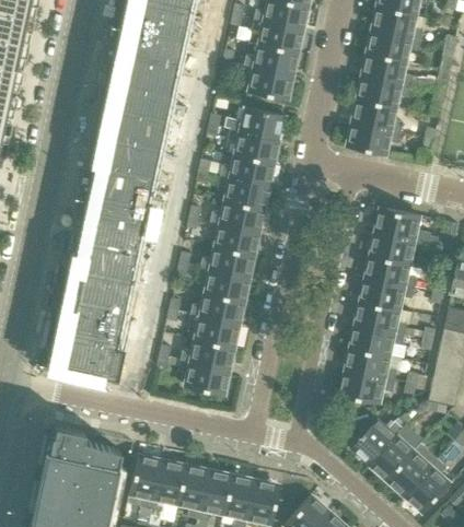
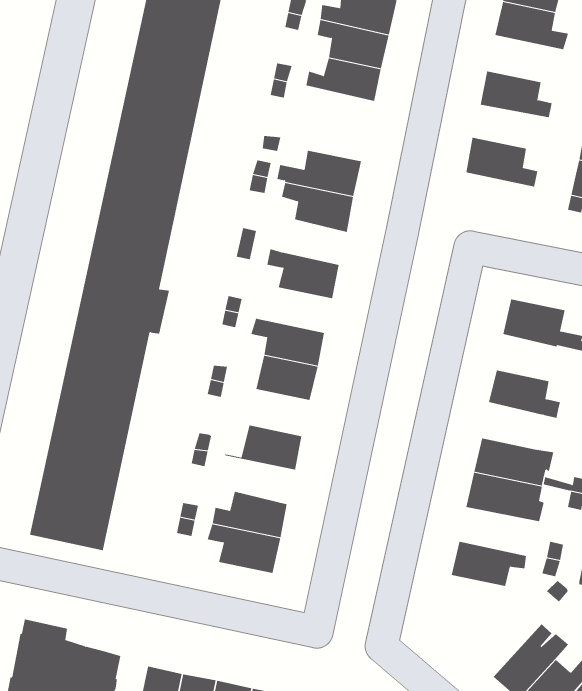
building: [368,30,420,61] -> none
building: [242,63,292,99] -> none
building: [358,77,410,106] -> none
building: [348,122,401,154] -> none
building: [221,154,274,185] -> none
building: [211,200,264,231] -> none
building: [374,232,416,264] -> none
building: [198,267,248,301] -> none
building: [364,278,406,309] -> none
building: [188,314,239,347] -> none
building: [349,349,404,382] -> none
building: [355,412,414,464] -> none

